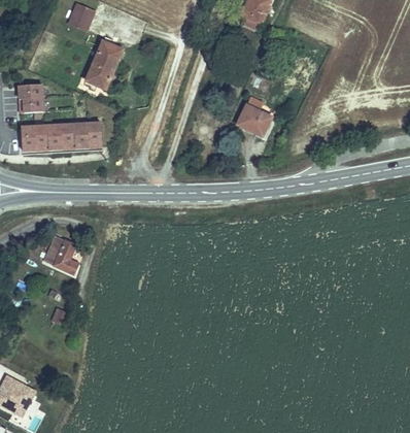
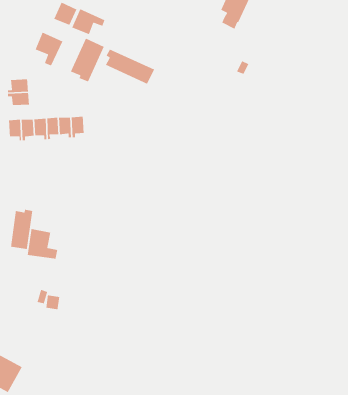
building: none -> [71,8,105,35]
building: none -> [35,31,64,67]
building: none -> [105,48,155,85]
building: [238,109,273,142] -> none
building: none -> [10,209,33,250]

